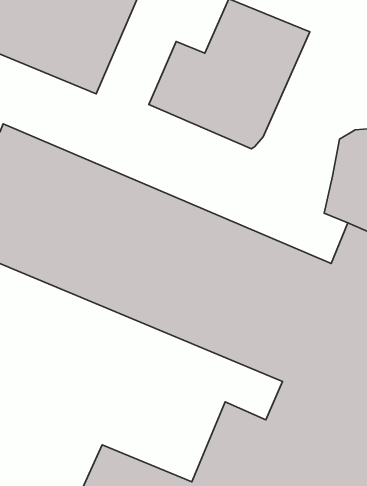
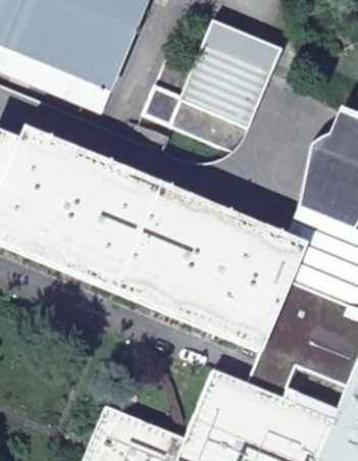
building: none -> [284,208,317,251]

